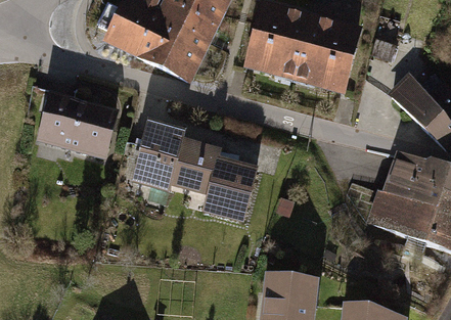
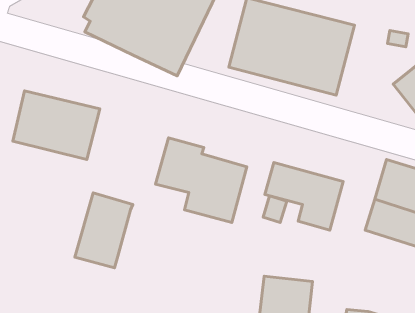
building: [129,119,184,190] -> [75,193,133,268]
building: none -> [265,163,343,230]

